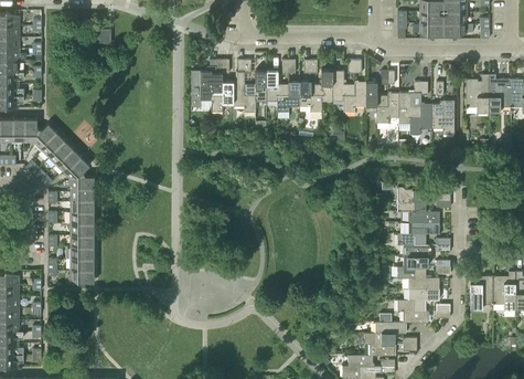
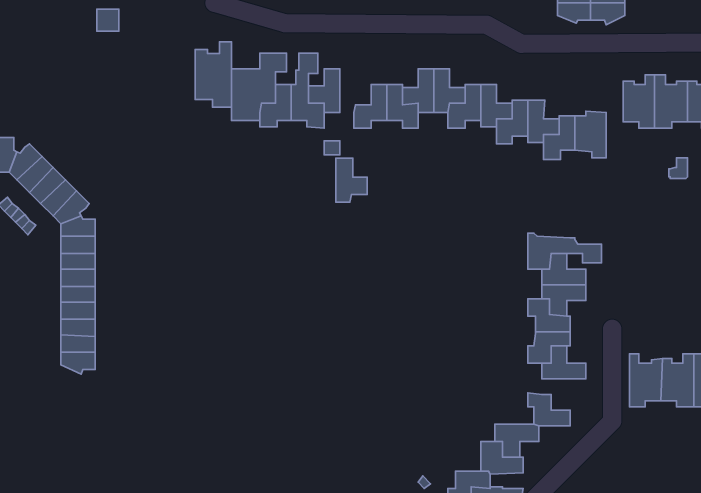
building: none -> [195,42,232,107]
building: [266,71,288,102] -> [336,158,367,202]
building: [408,289,439,312] -> none

